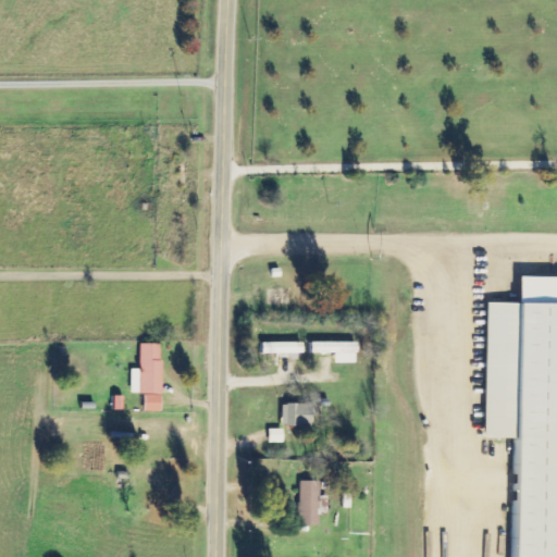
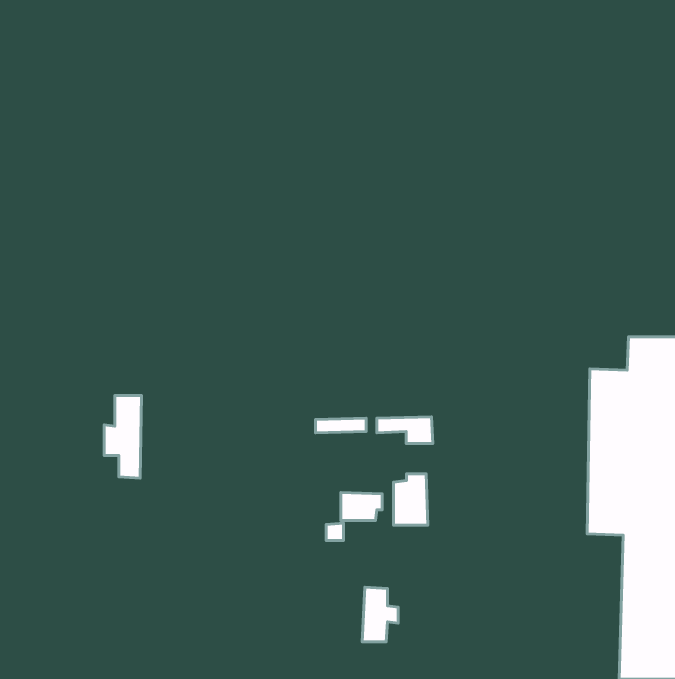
building: [133,344,163,411] -> [104,396,142,478]
building: none -> [394,474,428,525]

